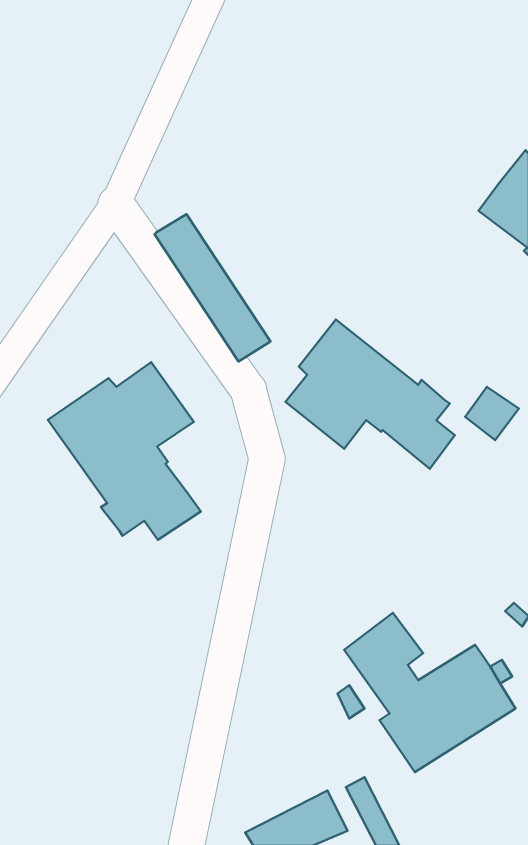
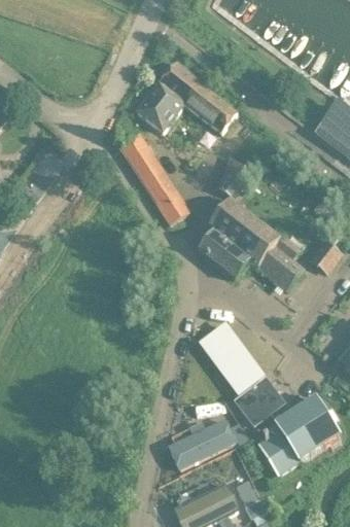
building: none -> [136,61,237,132]
building: [48,362,201,540] -> none
building: none -> [202,324,261,391]
building: none -> [167,420,235,471]

